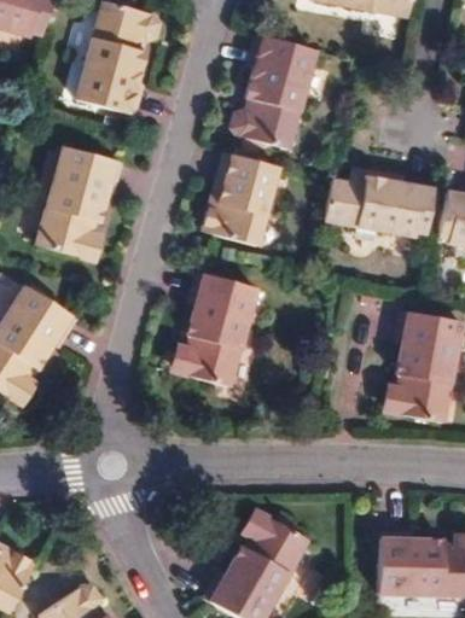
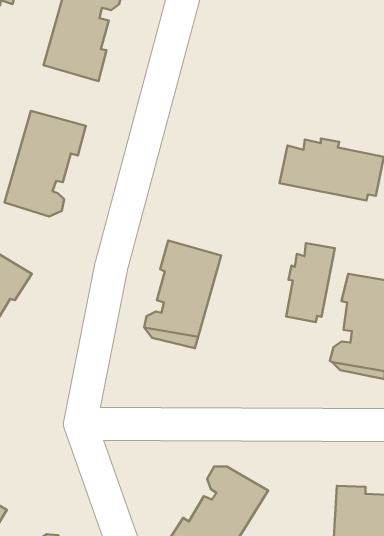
building: [234,31,318,146] -> none
building: [209,150,285,241] -> none
building: none -> [286,243,335,322]

